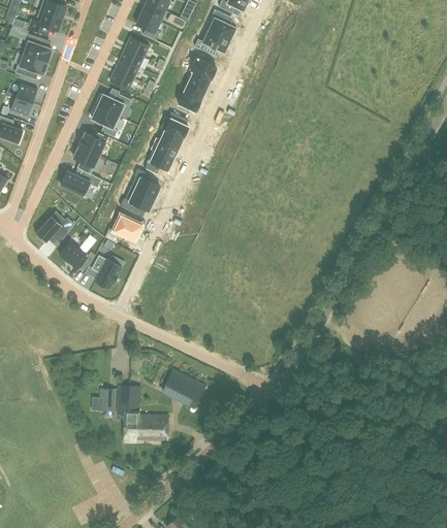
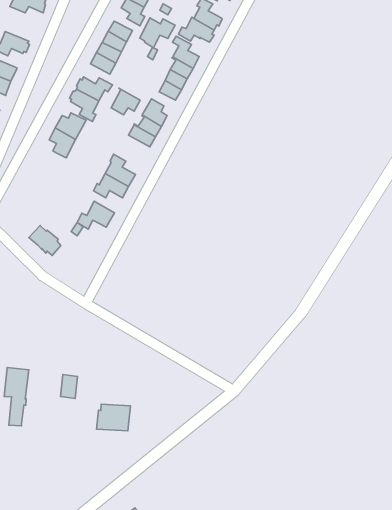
building: none -> [140,18,175,48]
building: [24,33,53,62] -> none
building: [145,148,172,174] -> [111,88,140,115]
building: [60,170,101,196] -> none
building: [35,211,73,242] -> none
building: [91,255,121,289] -> none
building: [152,365,206,408] -> none
building: [118,385,140,441] -> [4,367,29,426]

